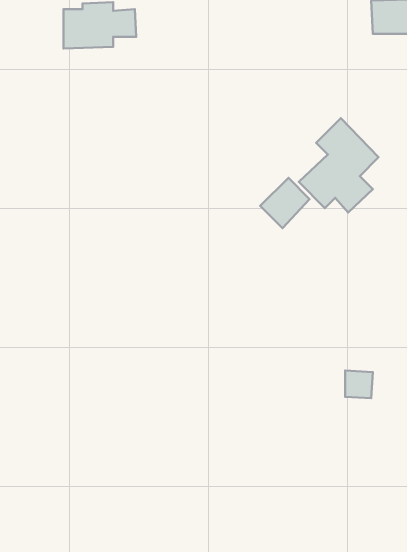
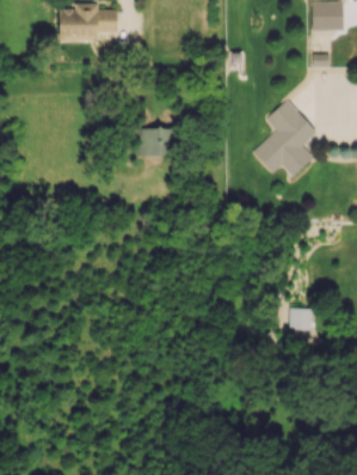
building: none -> [140,128,174,156]
building: [260,178,310,228] -> none

